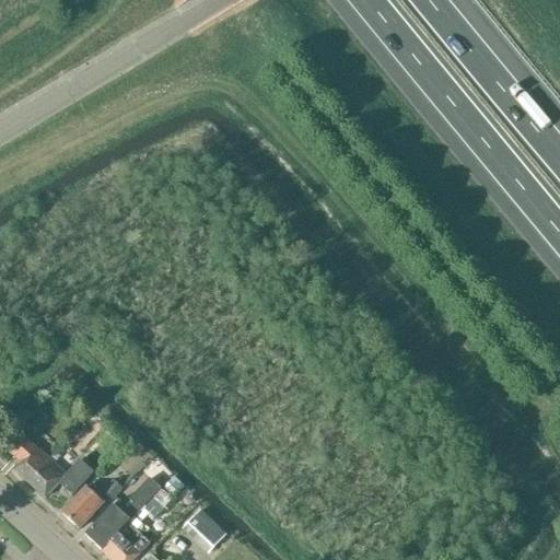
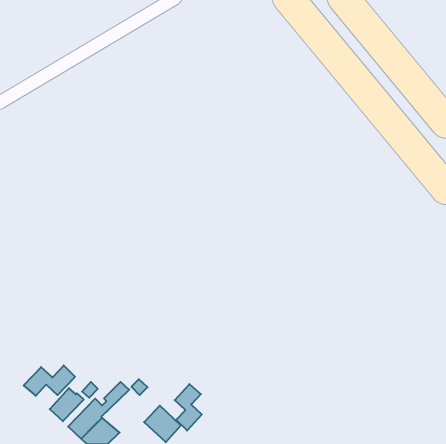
building: [5,431,51,482] -> none
building: none -> [175,384,202,431]

